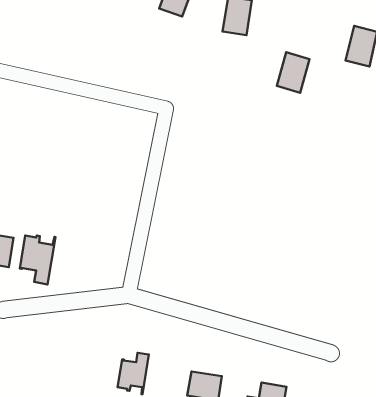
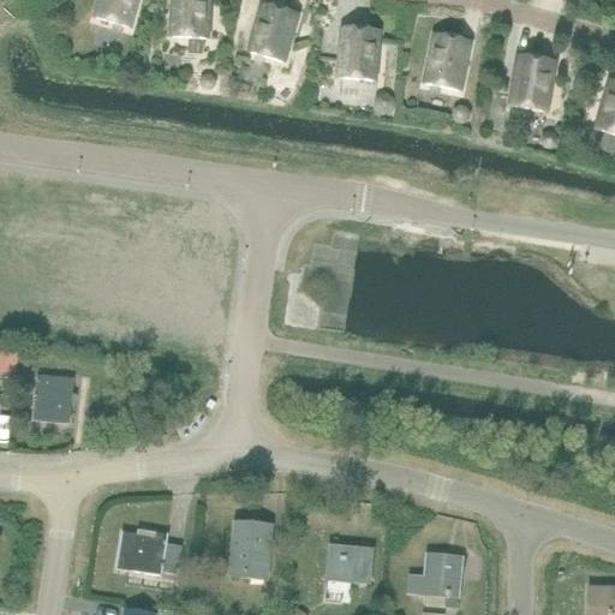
building: [277,52,309,93] -> [426,34,468,88]
building: [20,235,55,284] -> none
building: none -> [117,530,168,575]

